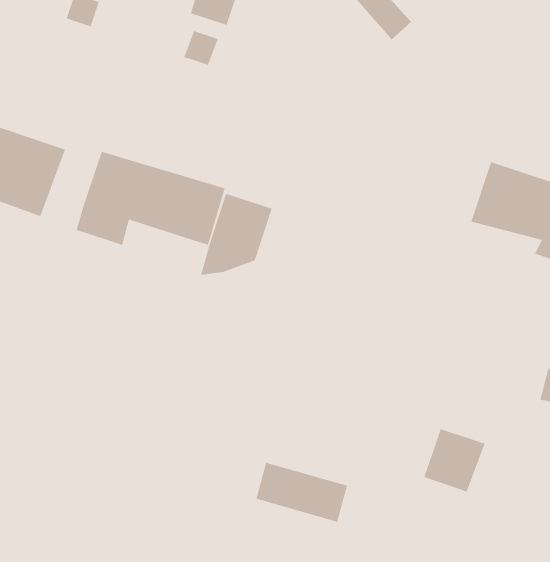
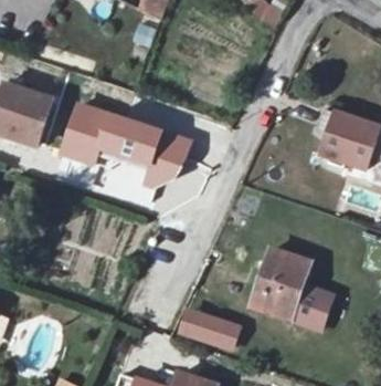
building: none -> [253,248,309,317]

